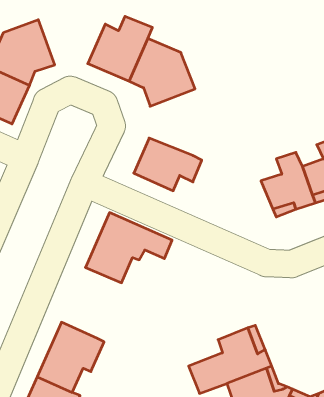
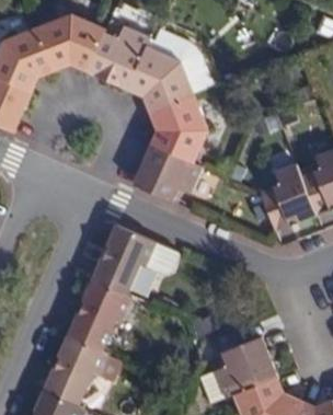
building: none -> [42,14,110,73]
building: none -> [152,97,211,164]
building: none -> [65,276,131,347]

